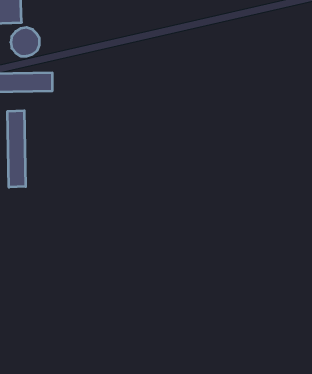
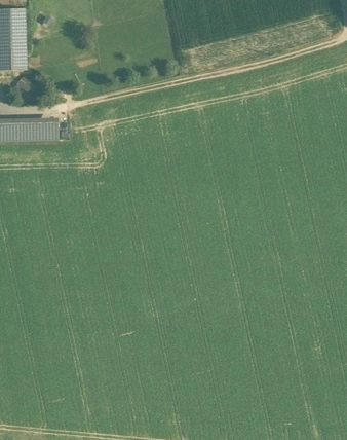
building: [8,111,26,187] -> none

